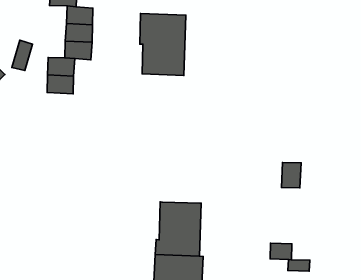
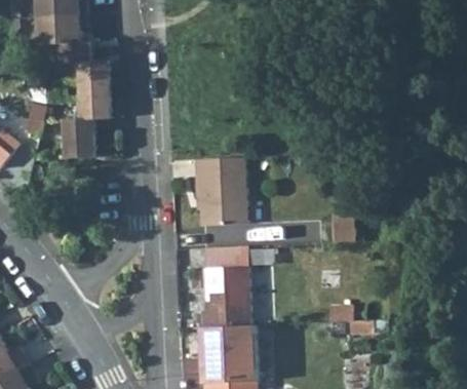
building: [140,13,186,75] -> [194,157,247,226]
building: none -> [202,246,245,269]

